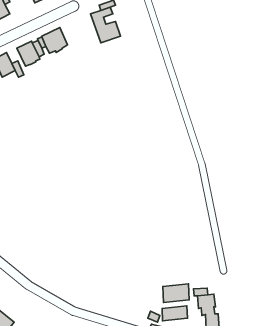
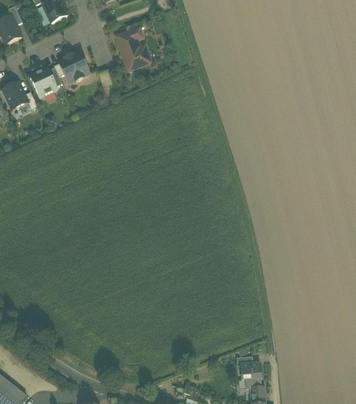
building: [163,284,189,302] -> none
building: [162,306,187,321] -> none

